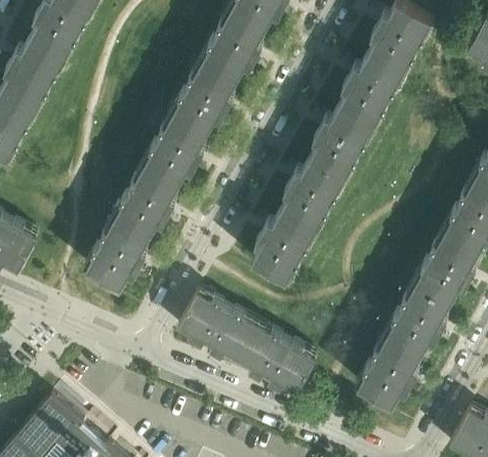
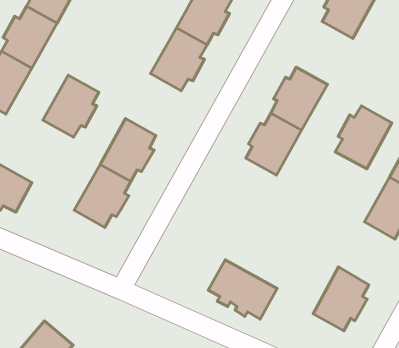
building: [338,52,403,124] -> [335,106,392,169]
building: [144,112,207,182] -> [43,75,99,137]
building: [251,208,316,280] -> none
building: [387,281,451,352] -> none
building: [178,290,257,359] -> none

